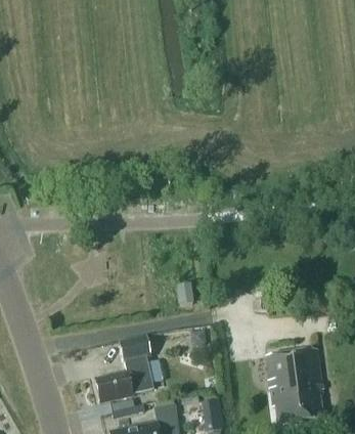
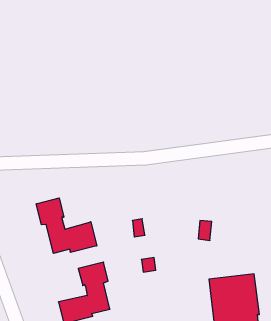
building: none -> [36,198,97,253]

